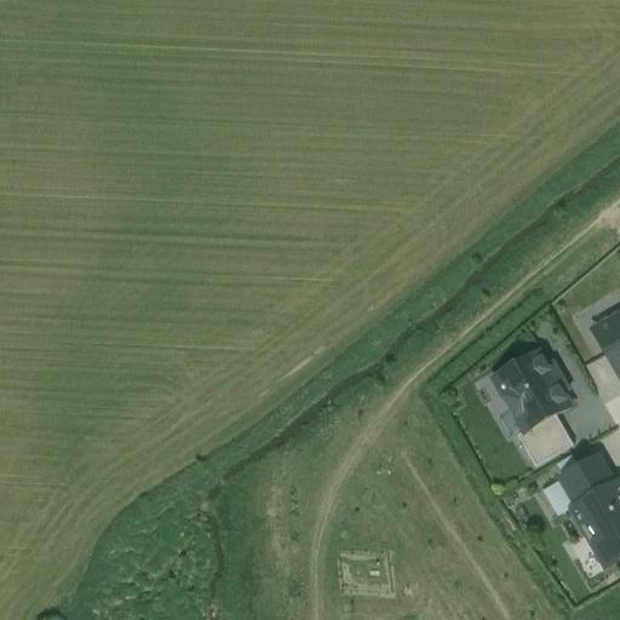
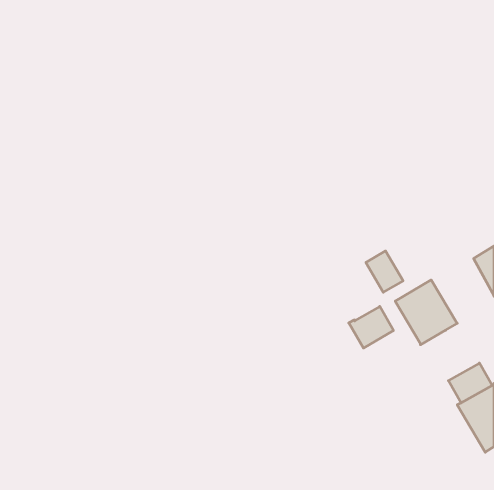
building: none -> [366,251,403,292]
building: [518,413,574,465] -> [349,306,393,348]

